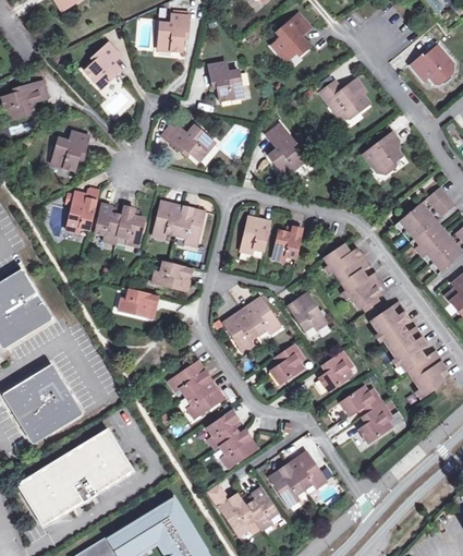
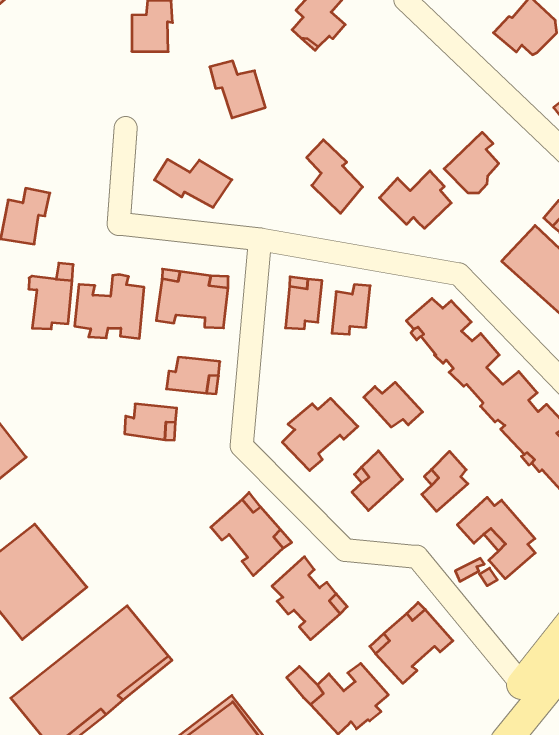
building: [87,44,123,89] -> none
building: [319,80,368,119] -> [379,171,451,228]

